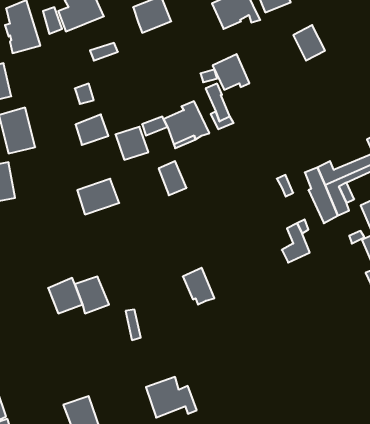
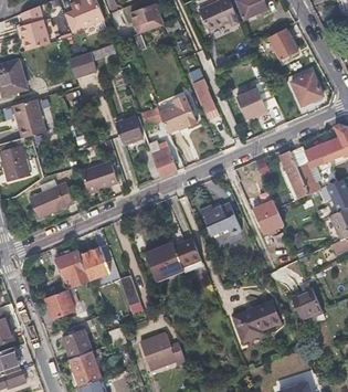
building: [213,54,249,90] -> [236,87,268,118]
building: none -> [292,72,324,105]
building: [75,114,108,145] -> [68,53,97,80]
building: none -> [30,182,75,219]
building: none -> [199,203,239,233]
building: none -> [145,247,182,280]
building: none -> [295,288,323,319]
building: none -> [45,289,74,318]
building: none -> [232,300,280,342]
building: none -> [62,329,92,359]

